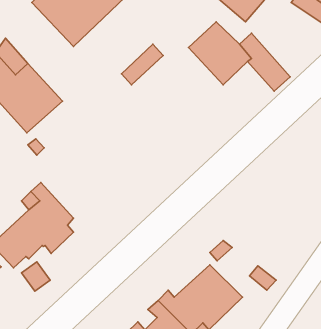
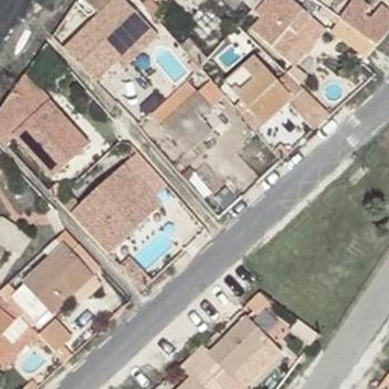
building: none -> [163,92,214,153]
building: none -> [67,148,170,252]

